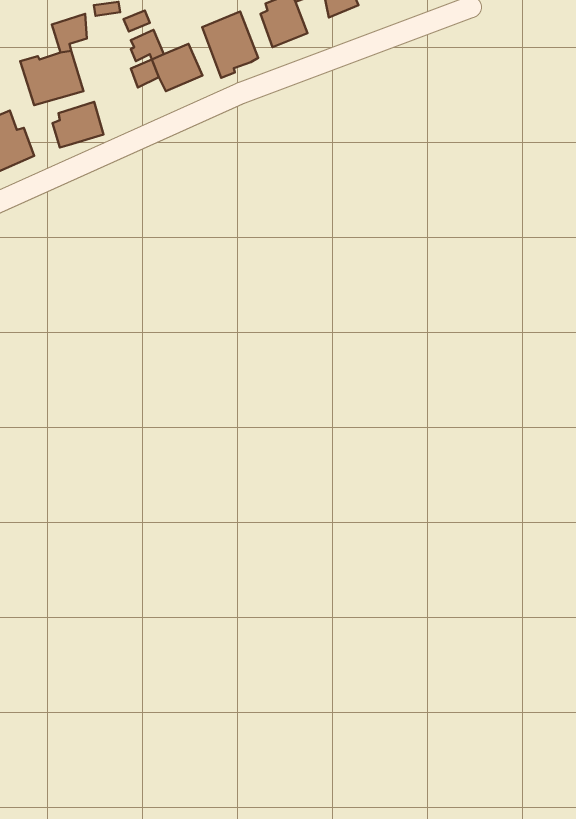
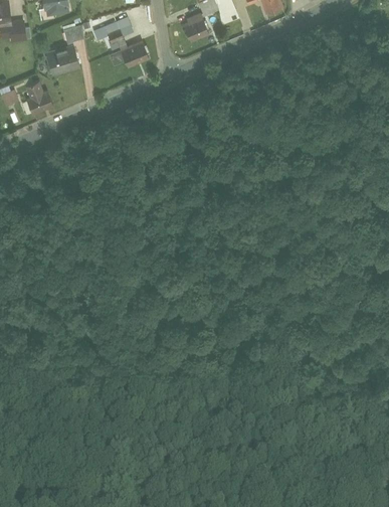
building: [202,12,258,78] -> none
building: [53,102,104,148] -> none

